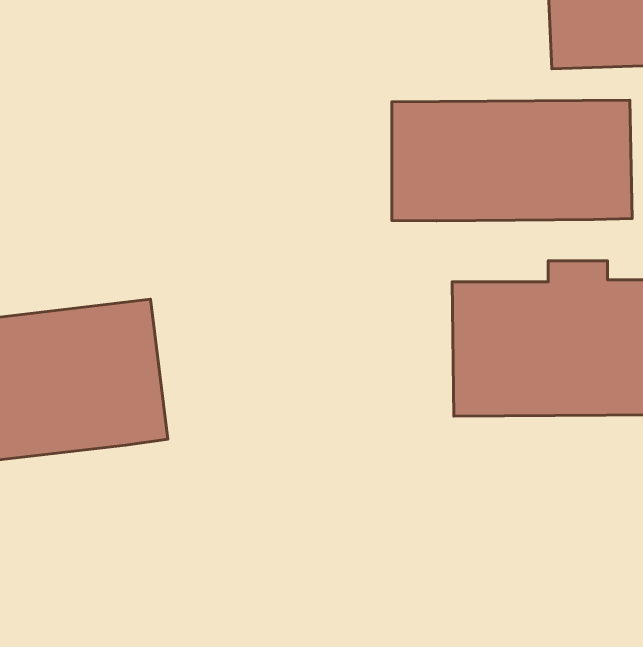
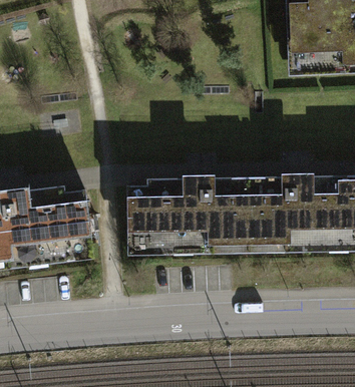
building: [392,100,632,221] -> none
building: none -> [127,169,240,250]

